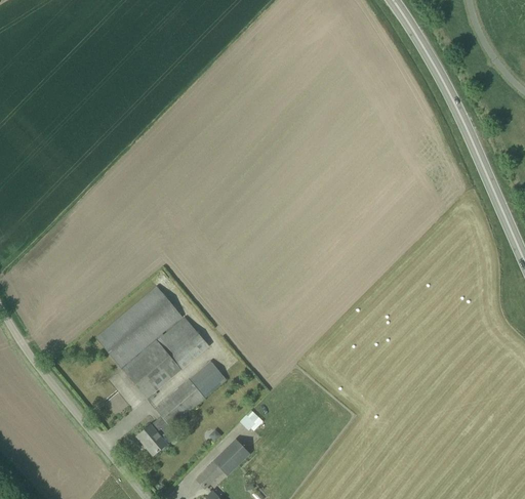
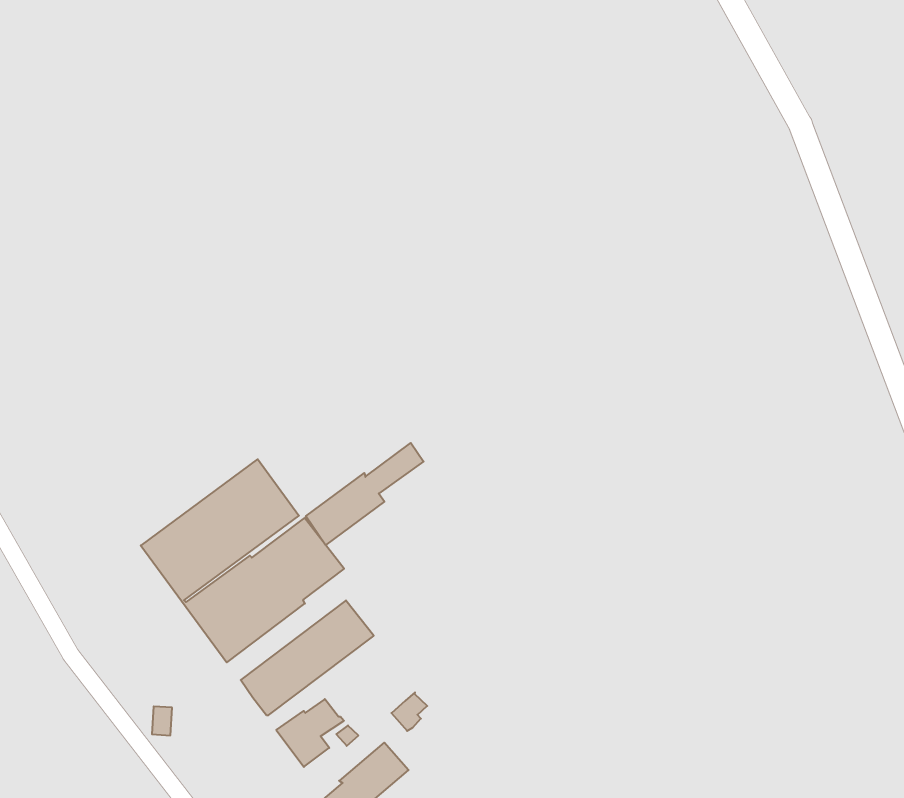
building: none -> [306,443,424,545]
building: [136,417,173,455] -> [276,699,344,767]

